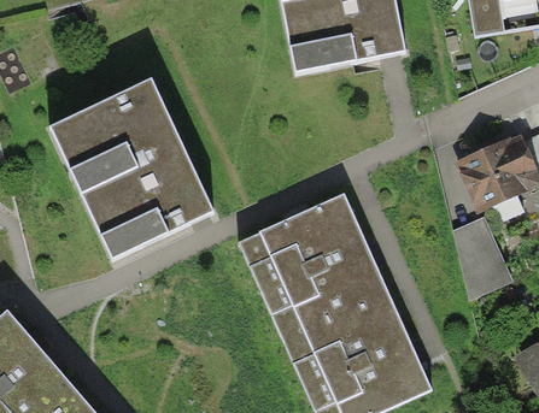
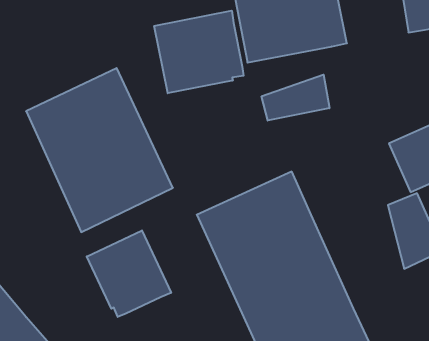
building: none -> [154,11,244,93]
building: none -> [262,75,329,121]
building: none -> [87,230,171,317]

